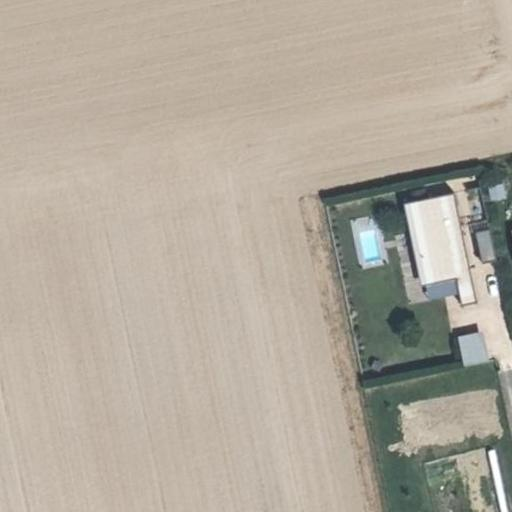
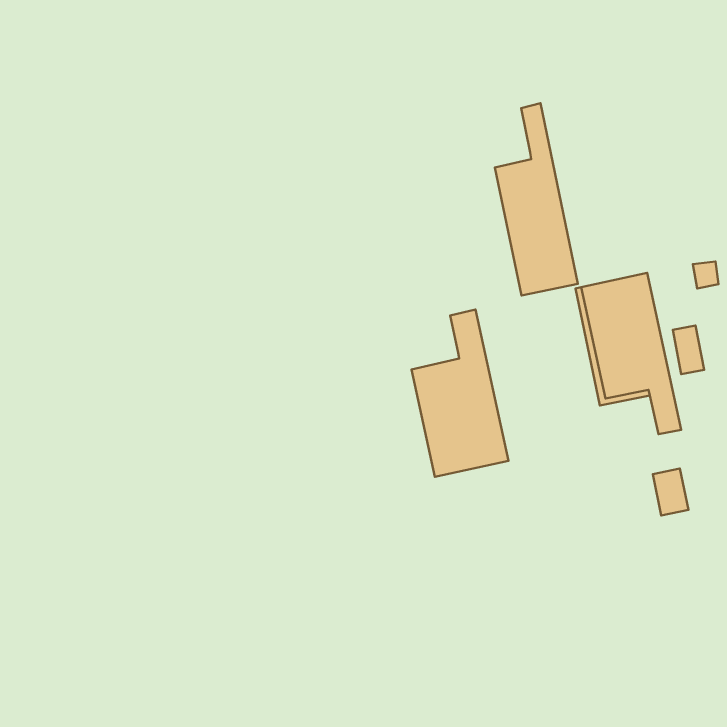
building: none -> [495,103,578,296]
building: none -> [411,309,509,477]

